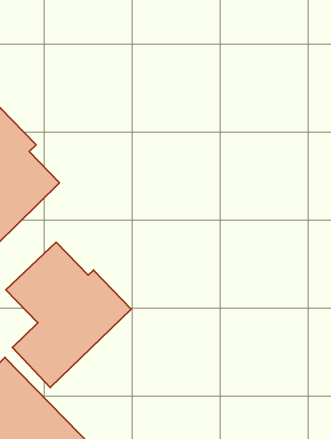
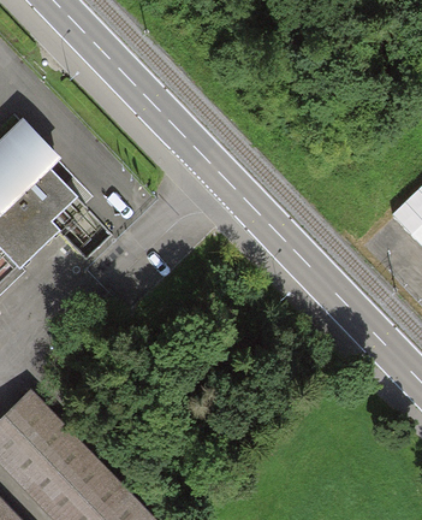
building: [6,242,131,388] -> none

